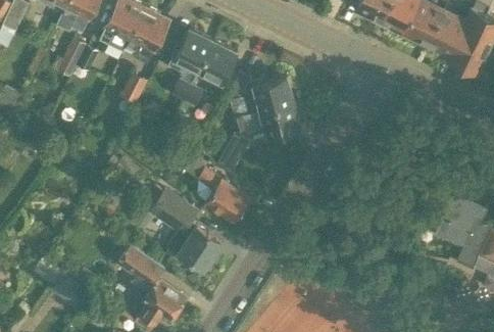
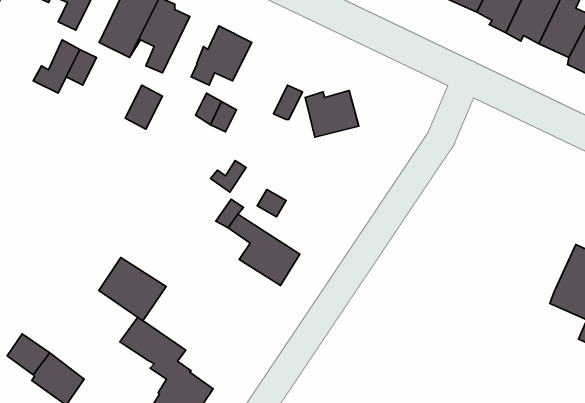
building: [200,42,238,84] -> none
building: [231,104,300,141] -> none
building: [150,187,200,234] -> [99,258,166,321]
building: [180,228,223,272] -> none

